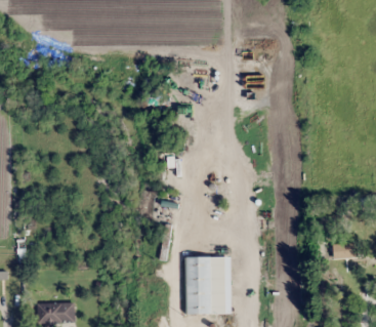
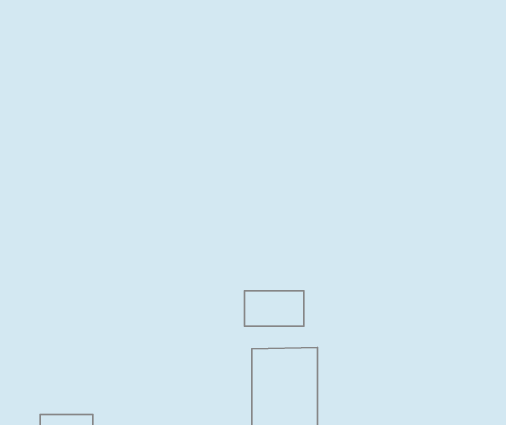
building: none -> [245,291,304,326]

